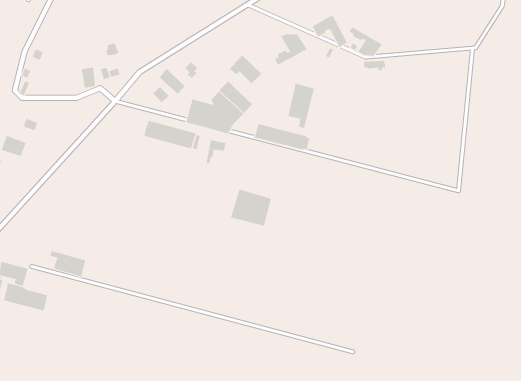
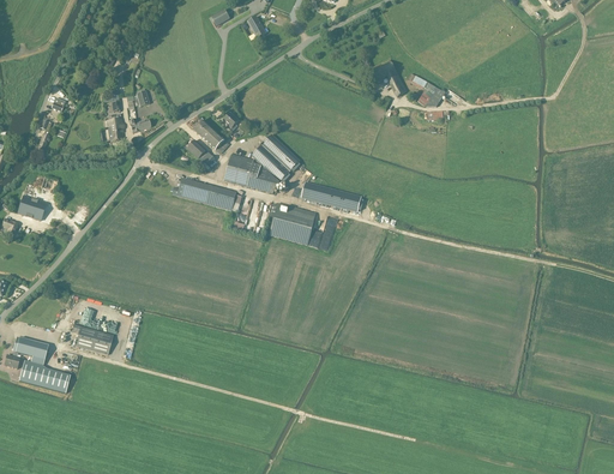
building: [274,34,307,66] -> none
building: [229,55,262,84] -> none
building: [288,83,315,129] -> none
building: [230,189,272,226] -> [267,202,314,244]

